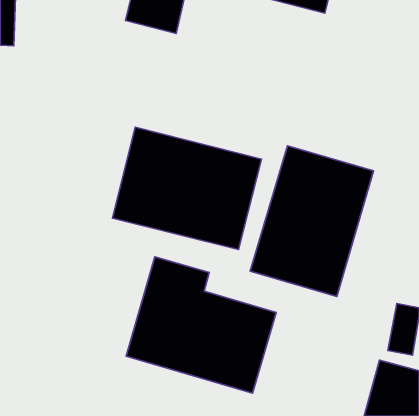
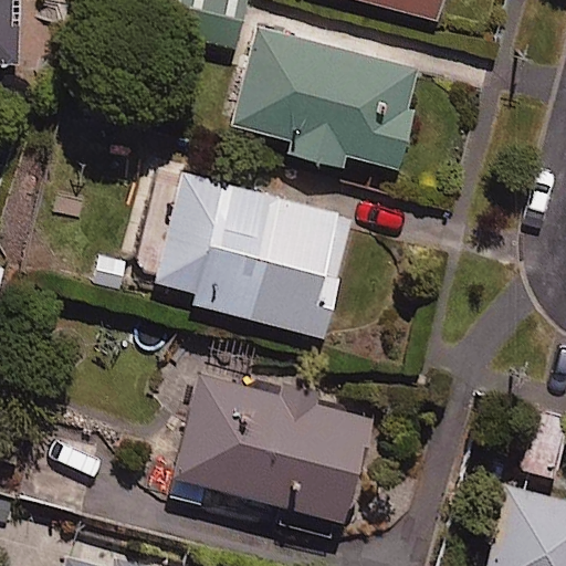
building: none -> [232,27,423,167]
building: [250,146,374,297] -> none

